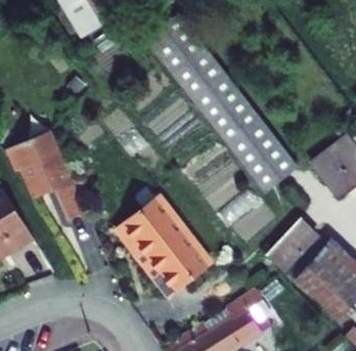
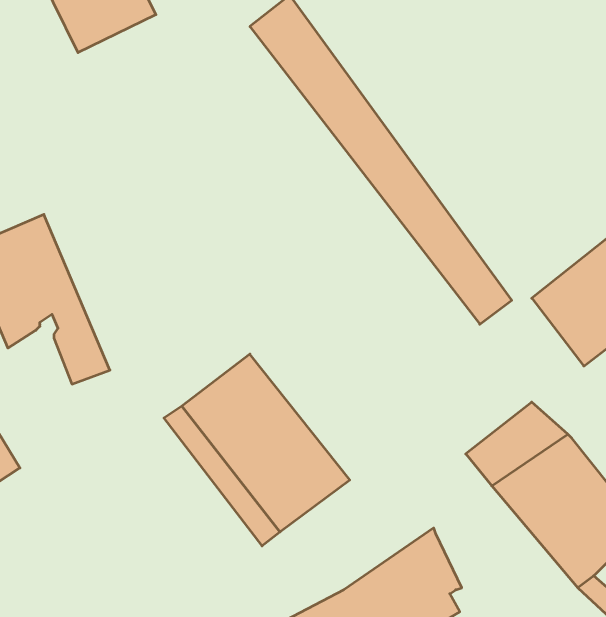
building: [146,27,277,191] -> none

